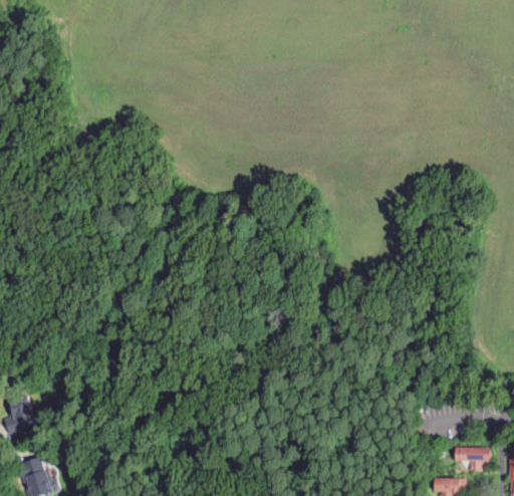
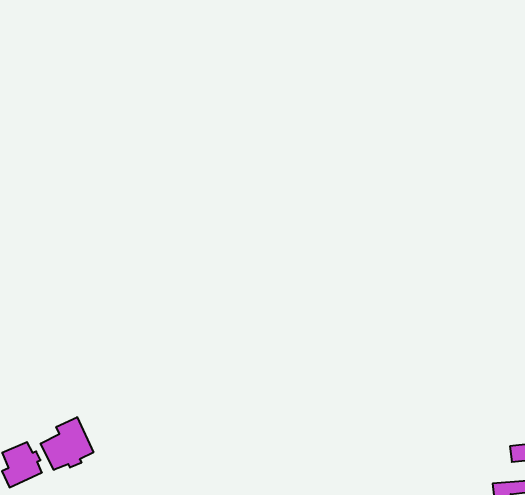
building: none -> [41,417,93,470]

